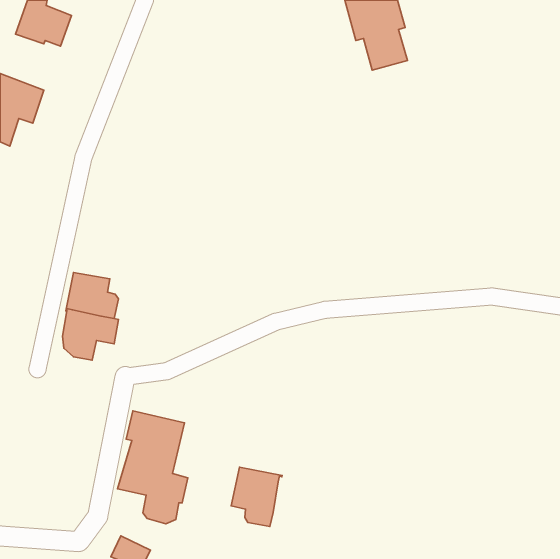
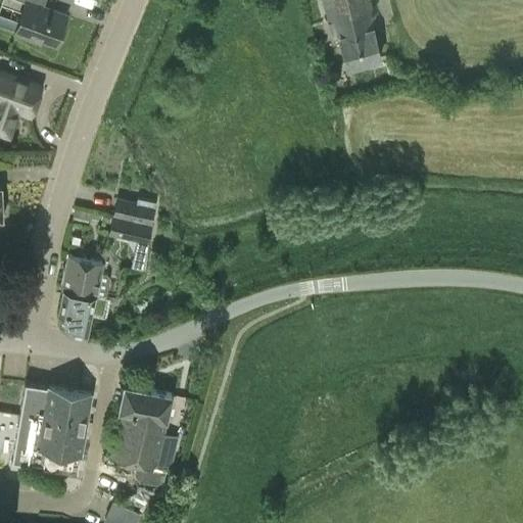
building: none -> [109,198,158,251]
building: none -> [12,382,92,473]
building: [231,467,282,527] -> none

